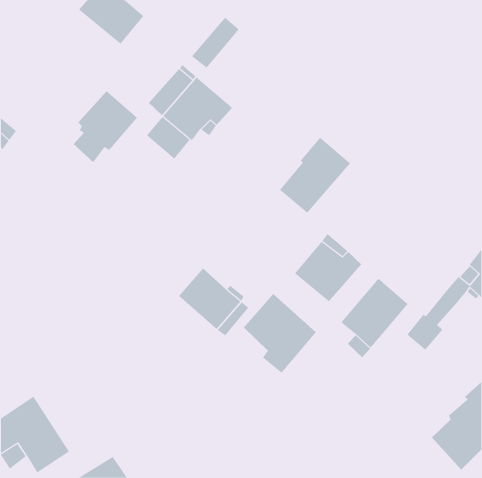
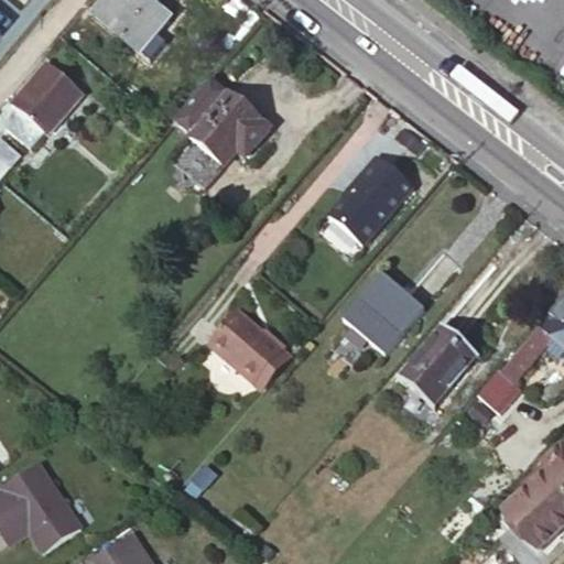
building: [191,17,239,69] -> none
building: [73,90,138,163] -> [6,62,82,147]
building: [243,293,317,373] -> none

